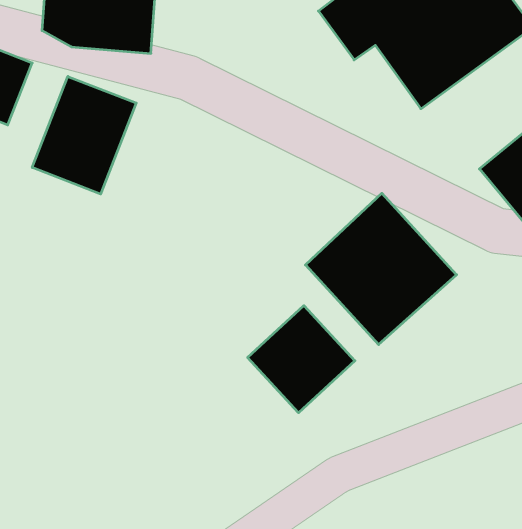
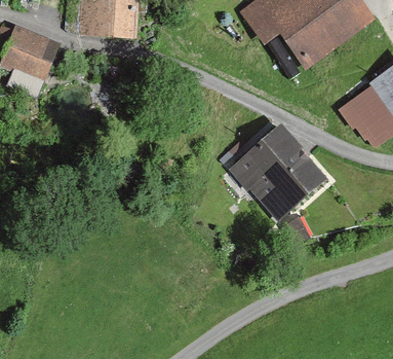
building: [32,76,136,194] -> none
building: [248,306,355,413] -> none

